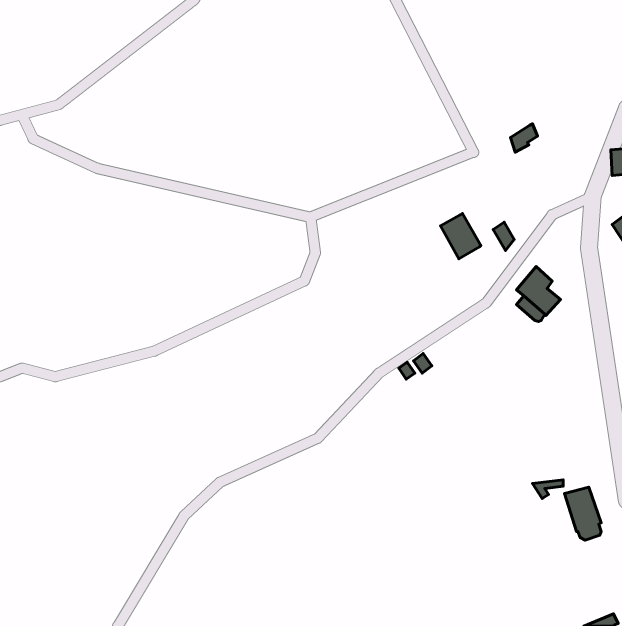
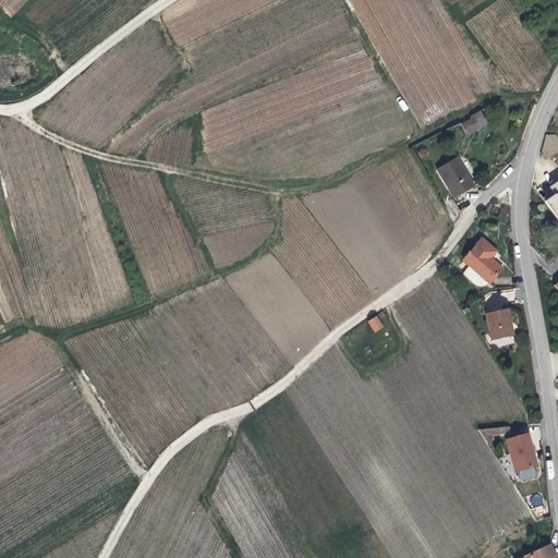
building: [440,214,481,259] -> [438,156,474,196]
building: none -> [486,308,513,340]

